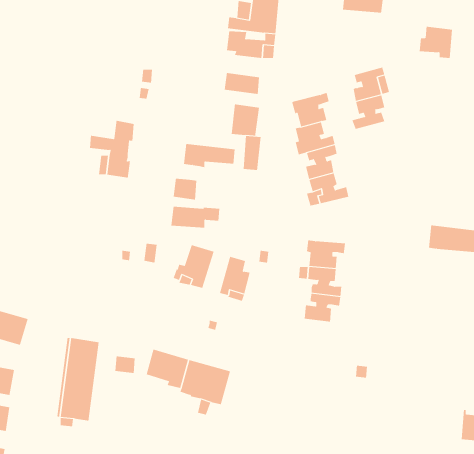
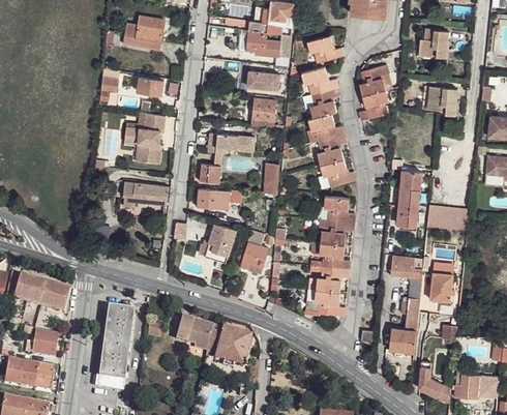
building: none -> [125,16,165,49]
building: none -> [306,34,342,63]
building: none -> [301,66,336,95]
building: none -> [99,68,119,106]
building: none -> [137,76,163,95]
building: none -> [427,86,457,115]
building: [243,136,261,170] -> [263,162,279,194]
building: none -> [397,170,421,226]
building: none -> [122,181,168,207]
building: none -> [323,196,353,221]
building: none -> [388,255,423,353]
building: none -> [429,271,453,301]
building: none -> [314,289,345,316]
building: none -> [418,358,450,403]

